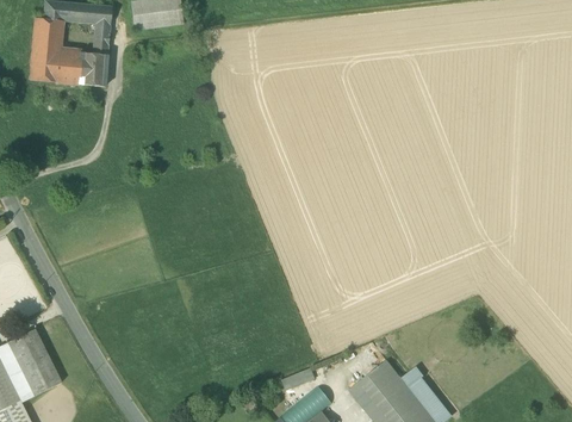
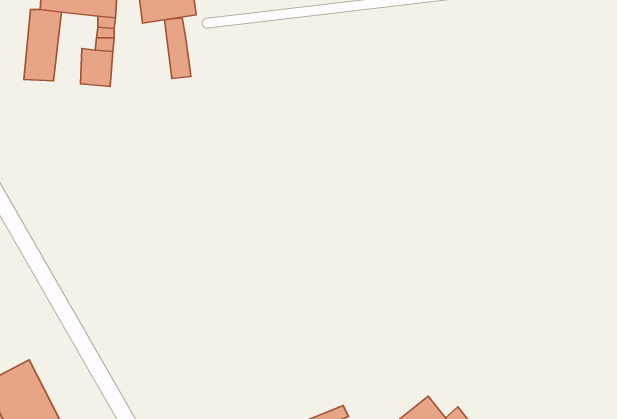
building: none -> [165,18,191,78]
building: [55,50,80,83] -> none

